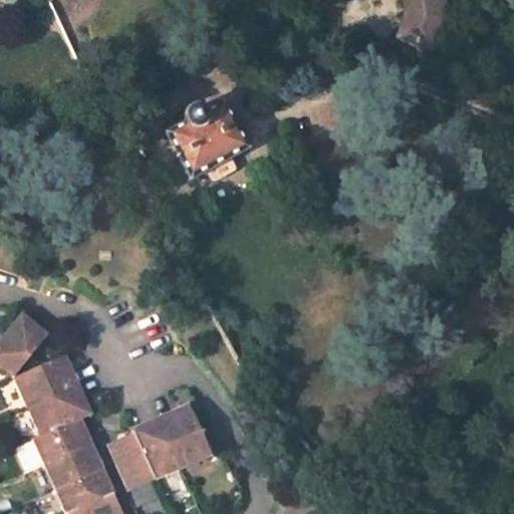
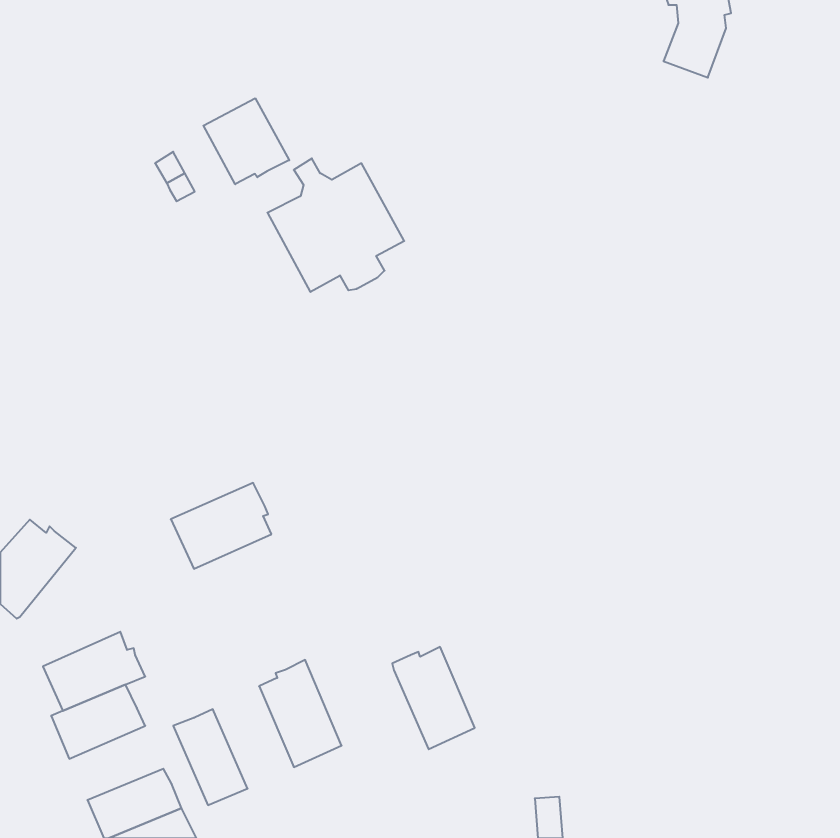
building: none -> [203,98,289,184]
building: [14,353,75,406] -> [171,483,271,569]
building: [131,418,181,480] -> [392,647,475,749]
building: [44,442,101,487] -> none

